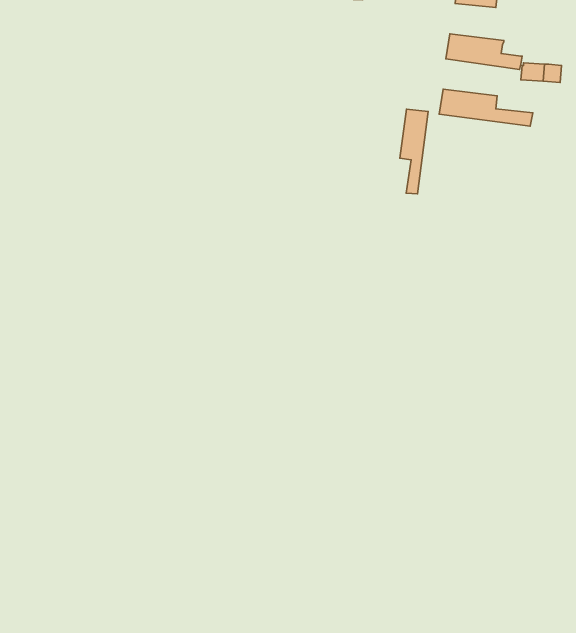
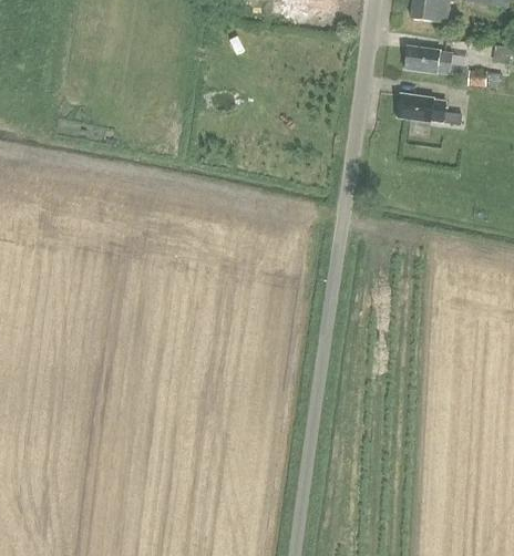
building: [400,109,428,194] -> none

